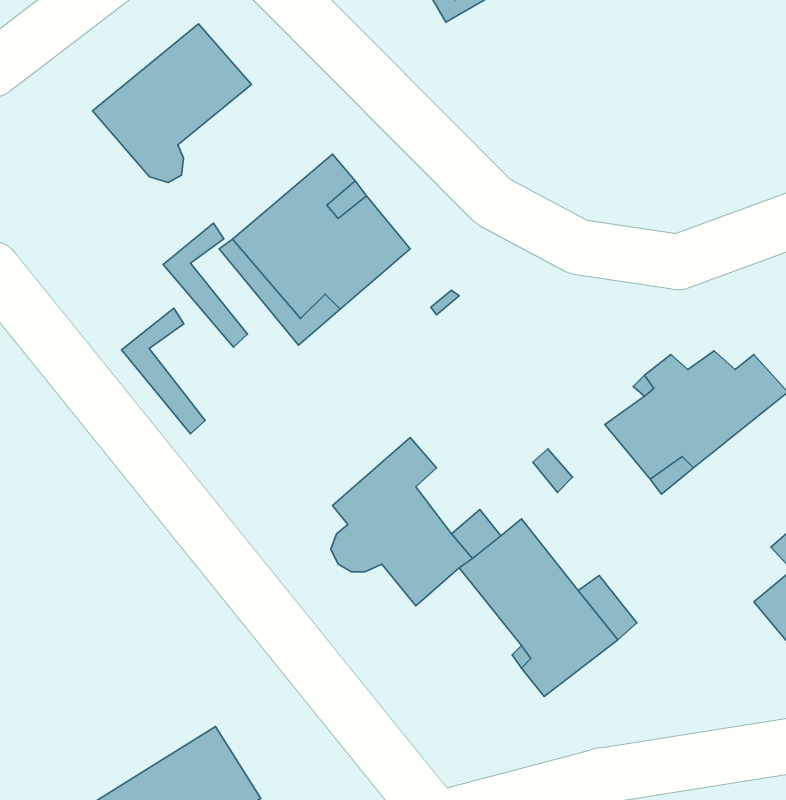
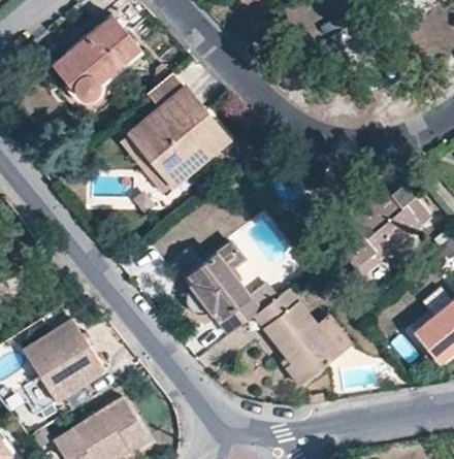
building: [163,223,248,347] -> none
building: [121,308,205,434] -> none
building: none -> [22,319,104,411]

